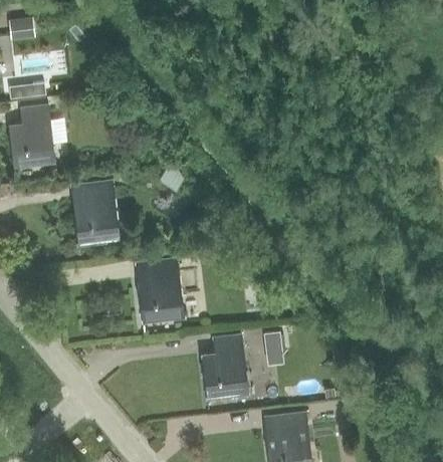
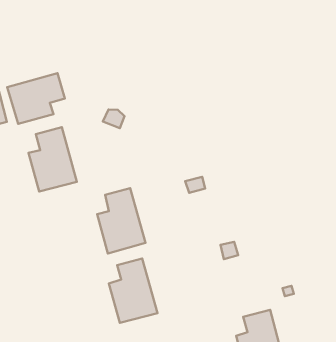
building: none -> [7,73,65,124]
building: [201,333,248,399] -> [109,258,157,323]

